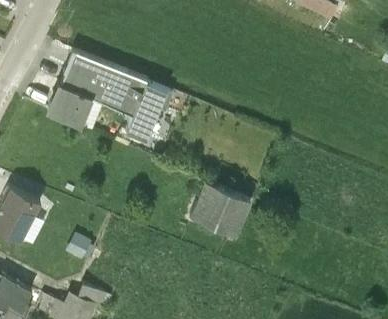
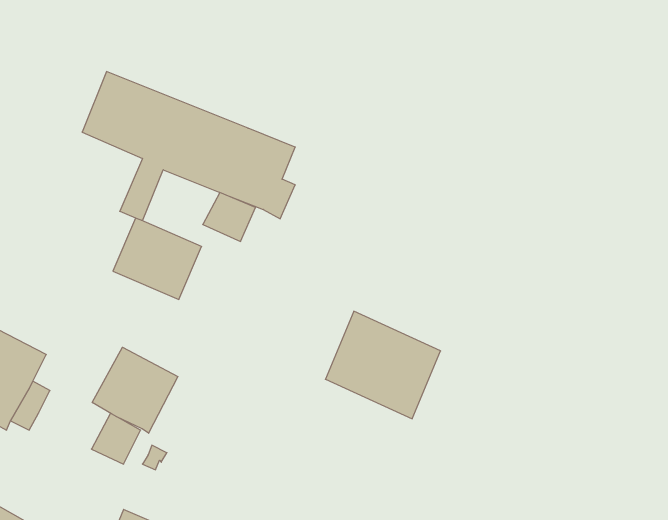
building: [45,83,92,126] -> [113,218,202,299]
building: none -> [92,347,178,433]

